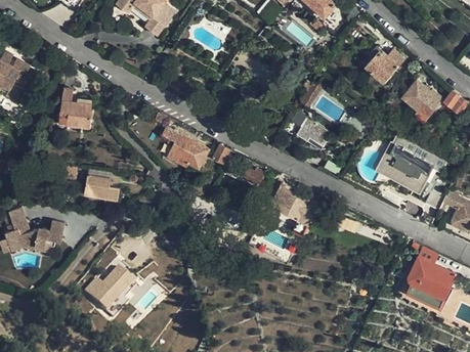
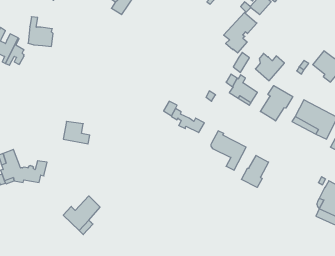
building: none -> [224,12,257,53]
building: [366,47,402,82] -> [255,53,284,81]
building: [58,88,90,126] -> [28,17,53,46]
building: none -> [260,86,293,121]
building: [161,127,208,168] -> none
building: none -> [241,155,269,187]

